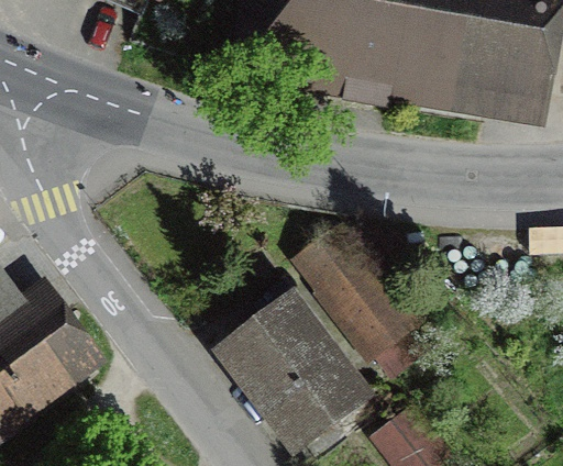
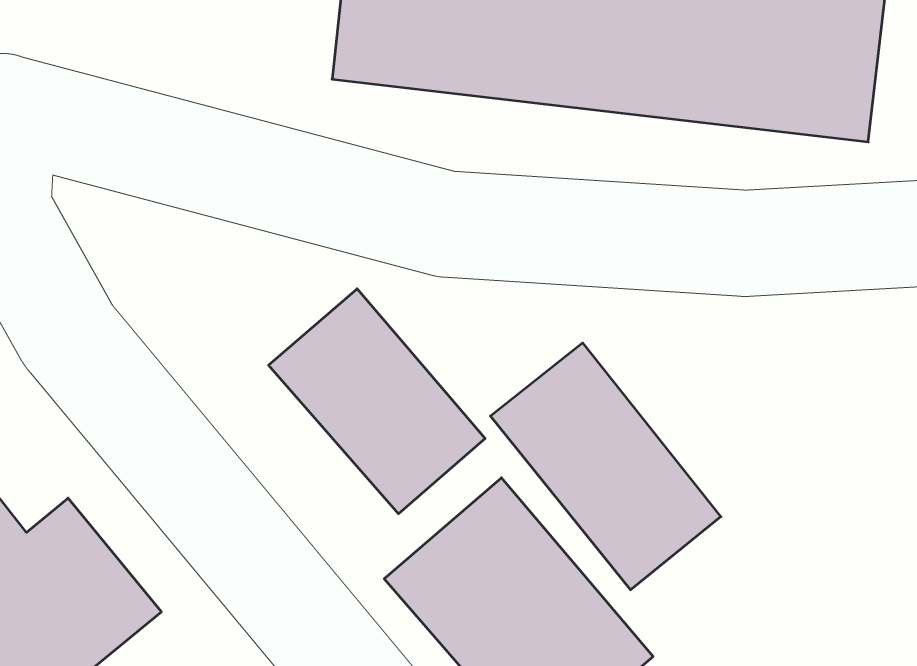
building: none -> [269,289,485,514]

